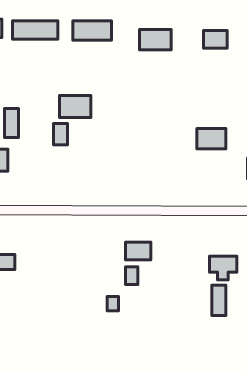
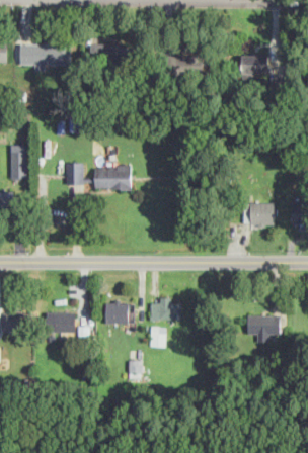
building: [59,95,91,117] -> [94,166,131,191]
building: [197,129,226,149] -> [242,203,276,226]
building: none -> [105,303,134,325]
building: none -> [47,313,75,334]
building: [212,285,226,316] -> none

